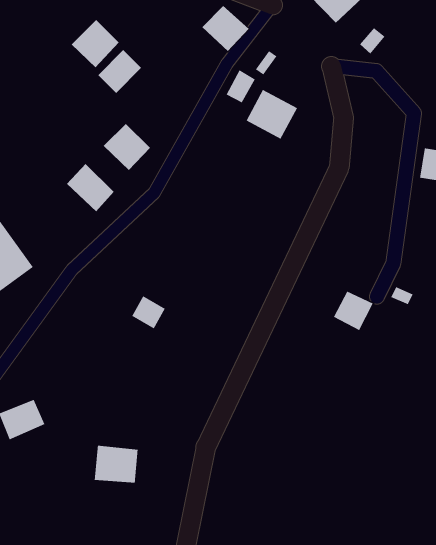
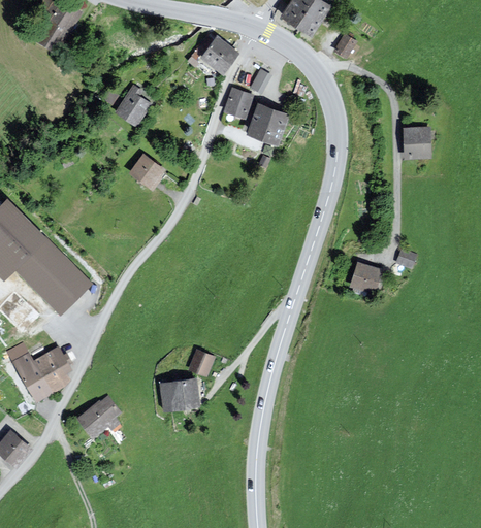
building: [71,19,119,68] -> none
building: [66,163,115,212] -> none
building: [131,295,166,330] -> [187,346,216,374]
building: [94,445,139,484] -> [159,380,197,412]

